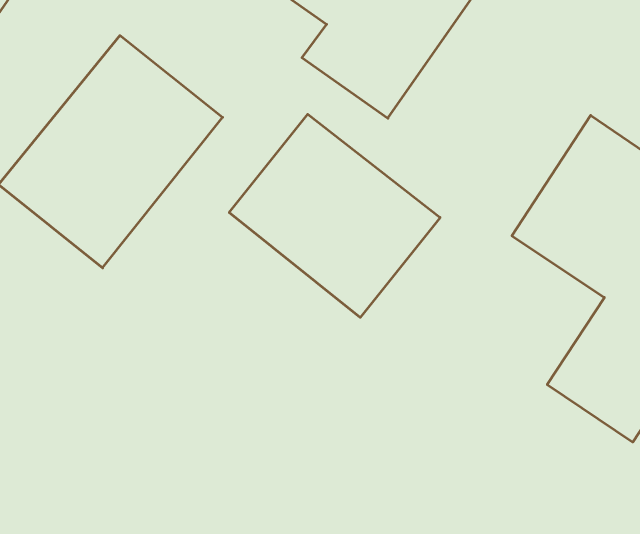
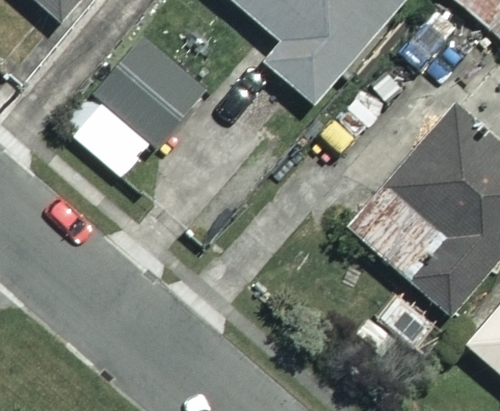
building: [229,114,440,317] -> none

